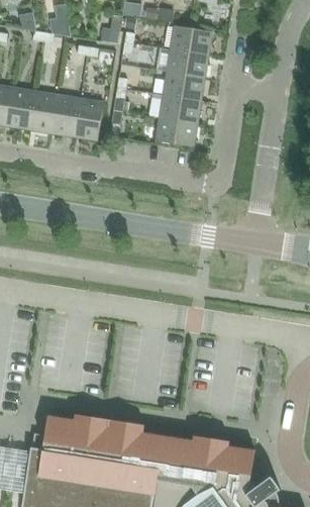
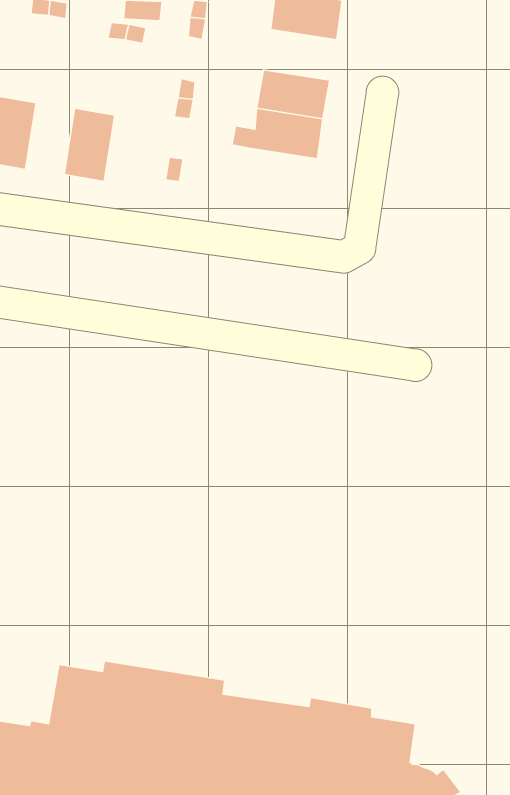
building: [162,49,209,79] -> none
building: [29,92,58,133] -> none
building: [75,99,104,141] -> none
building: [156,118,198,147] -> none

